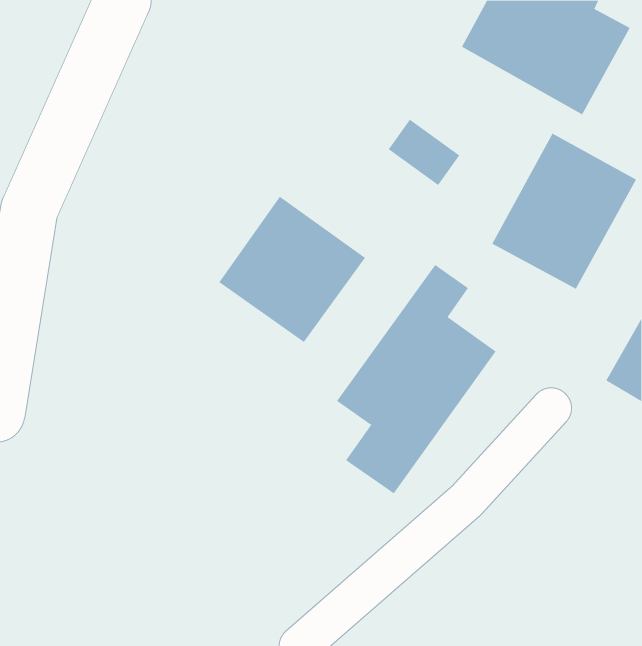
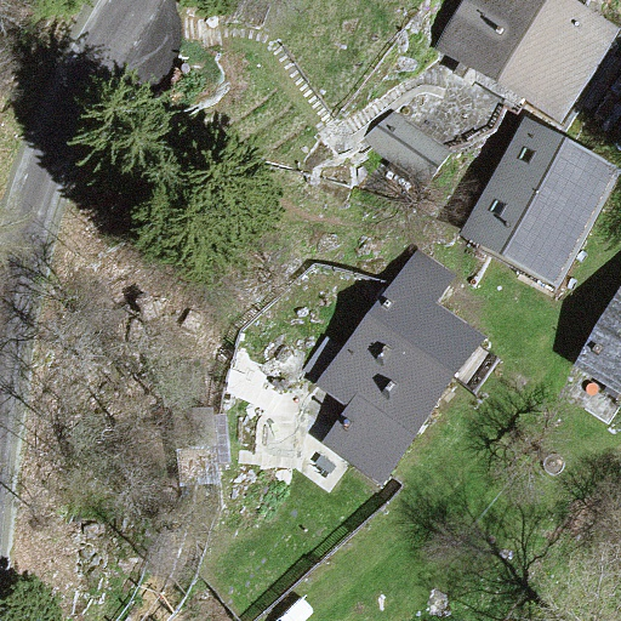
building: [218,196,366,343] -> none

